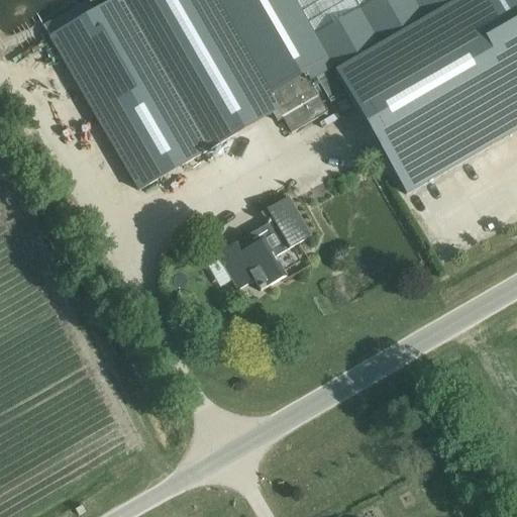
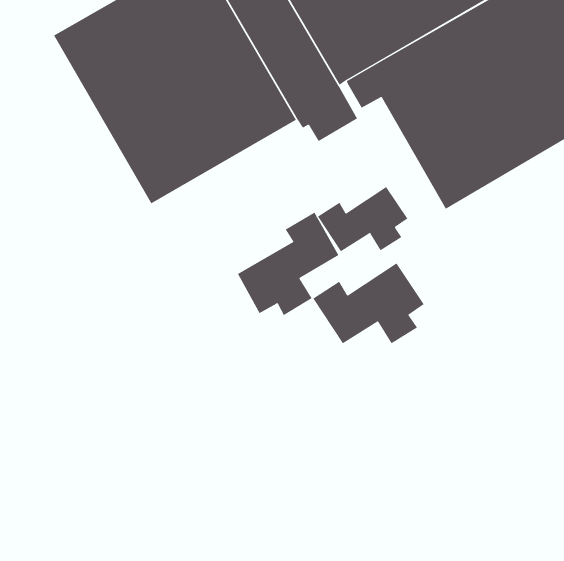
building: none -> [317,186,408,252]
building: none -> [312,262,425,344]

